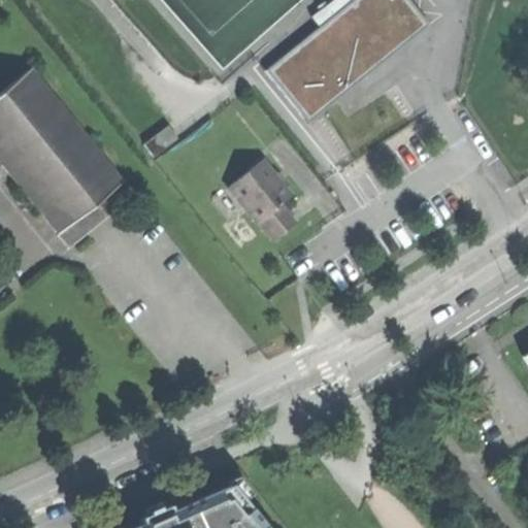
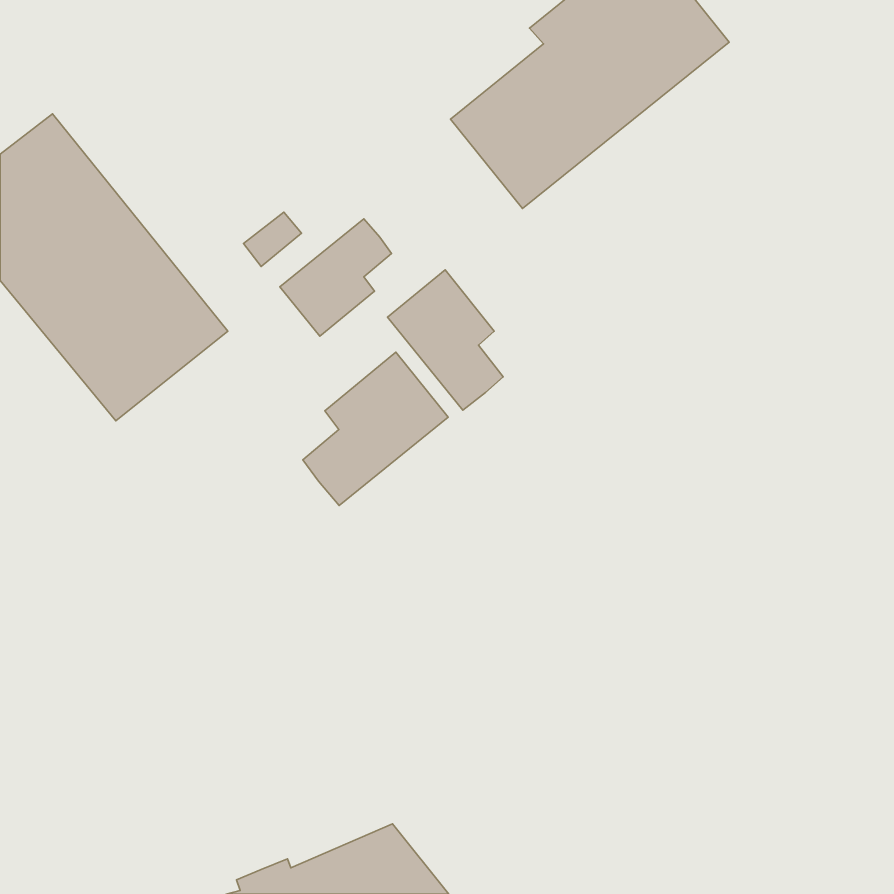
building: none -> [280,219,391,336]
building: none -> [303,352,448,505]

